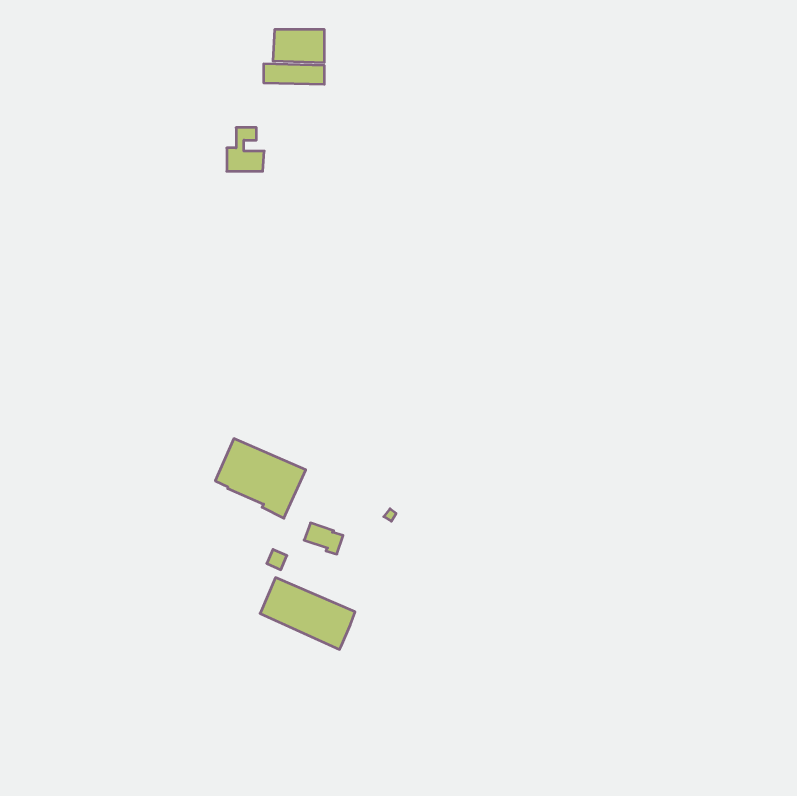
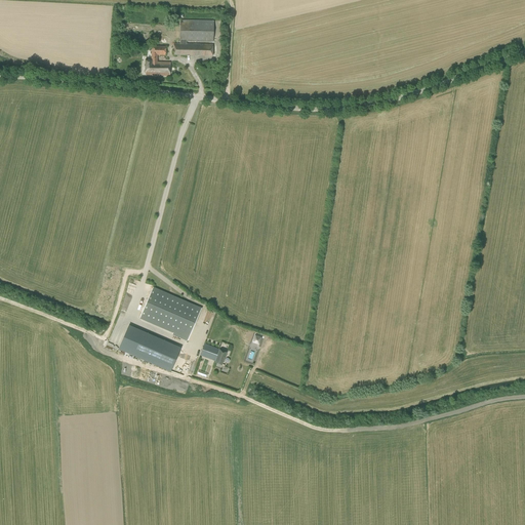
building: [227,128,264,171] -> [146,46,170,75]
building: [260,578,355,649] -> [118,324,180,371]

